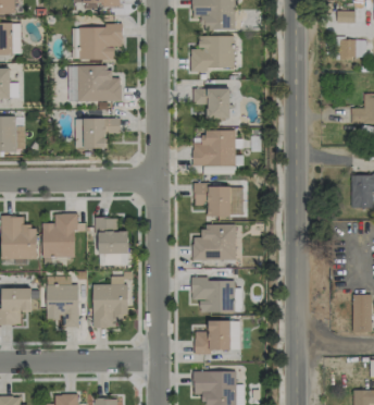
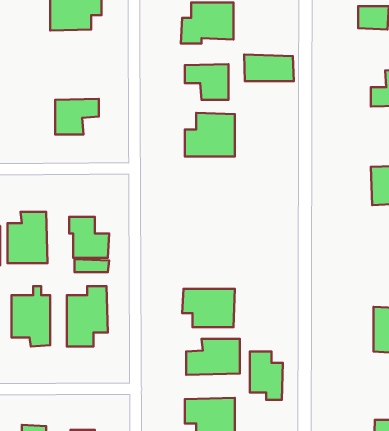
building: [67,66,122,101] -> none
building: none -> [244,54,294,81]
building: [195,185,244,216] -> none
building: [192,225,237,260] -> none
building: none -> [250,351,283,400]

